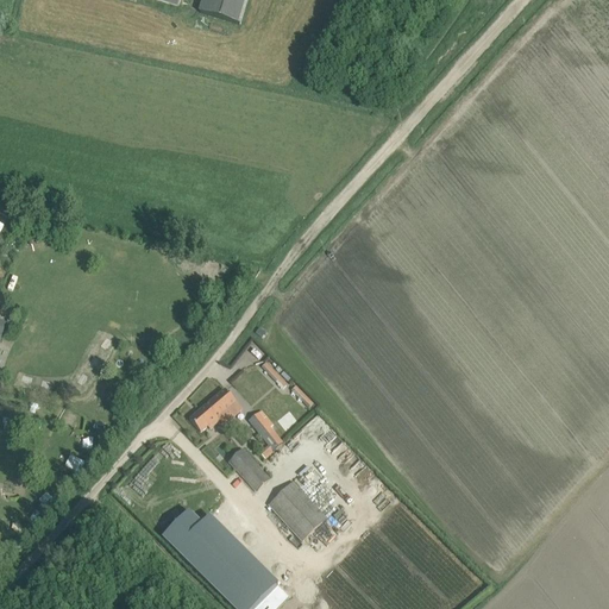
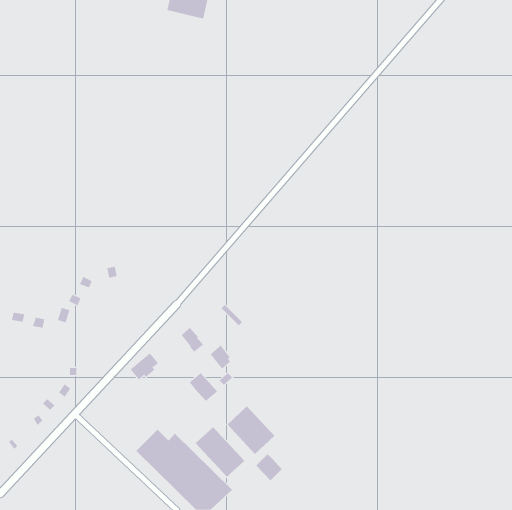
building: [192,397,226,431] -> [130,352,159,380]
building: none -> [195,427,245,478]
building: none -> [255,453,283,481]

